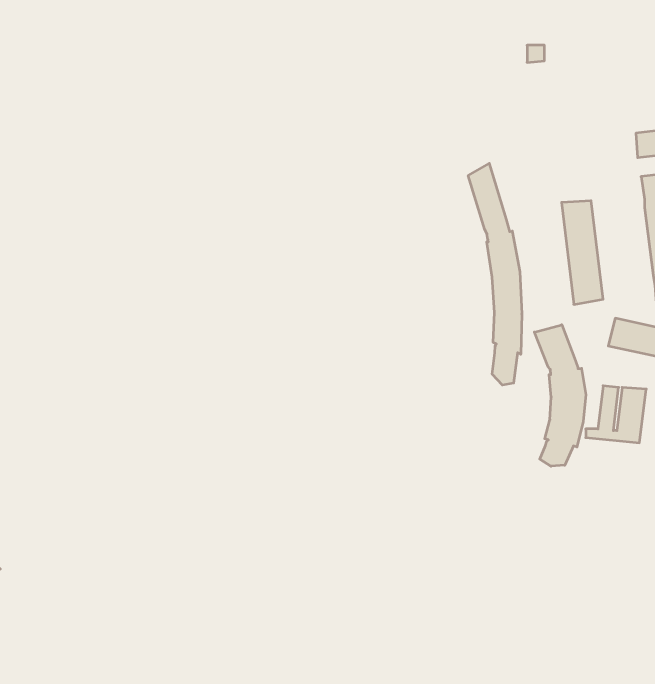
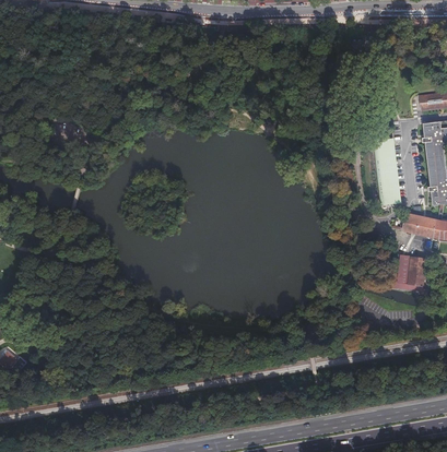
building: [468,163,522,385] -> none
building: [534,325,586,466] -> none

